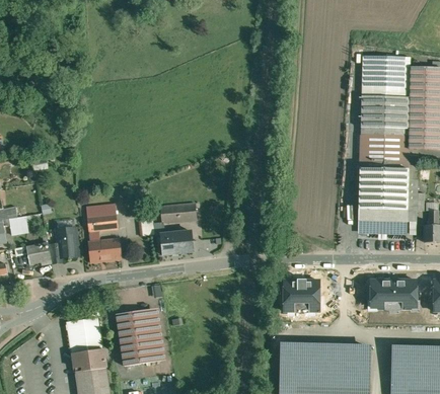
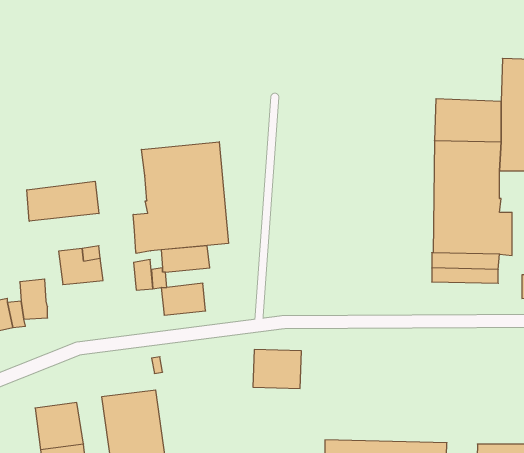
building: [362,56,411,98] -> none
building: none -> [133,142,228,253]
building: none -> [27,181,99,221]
building: [89,231,122,262] -> none
building: [283,281,318,309] -> [253,350,301,388]
building: [372,282,416,309] -> none

